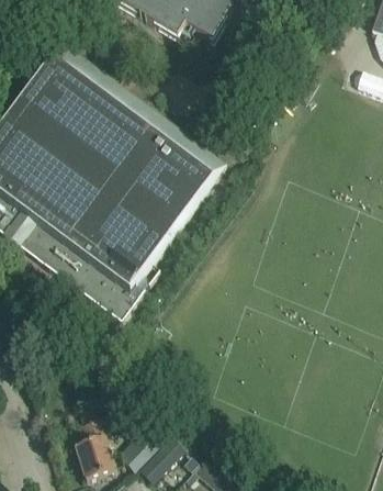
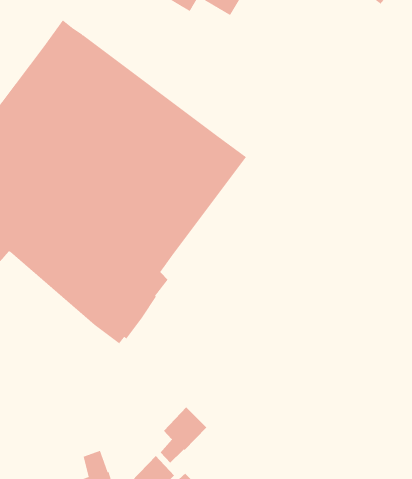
building: none -> [160,406,207,464]

